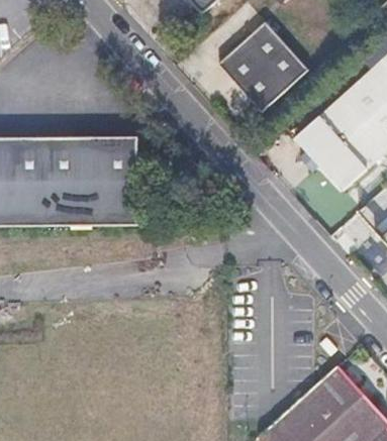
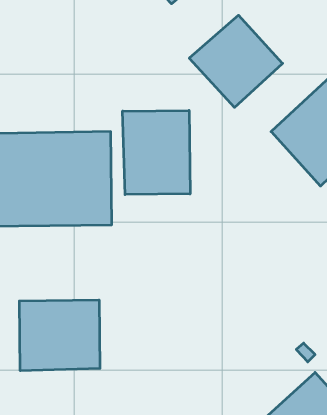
building: none -> [123,110,190,195]
building: none -> [19,300,100,371]

